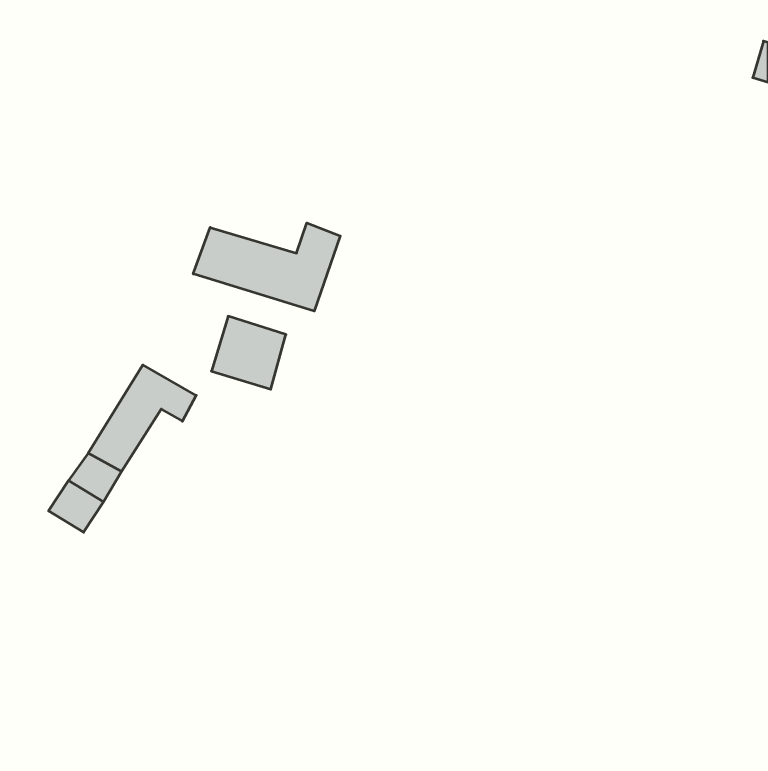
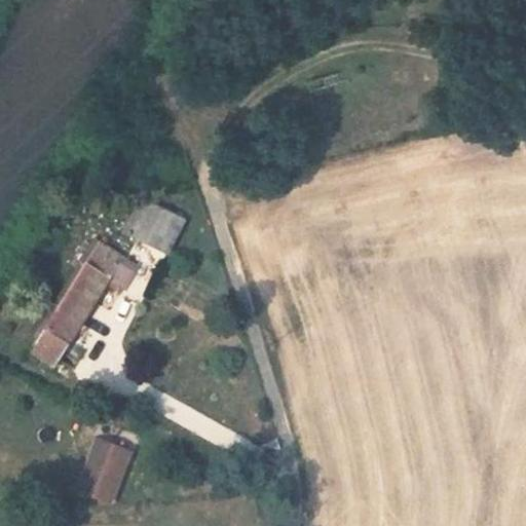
building: [193,223,340,311] -> none
building: none -> [86,442,134,500]

